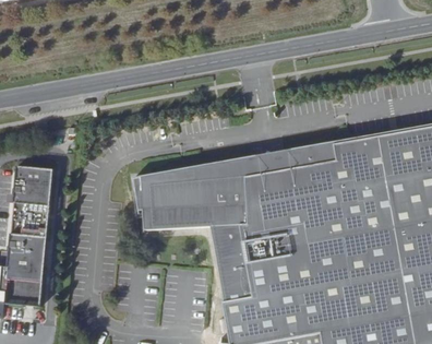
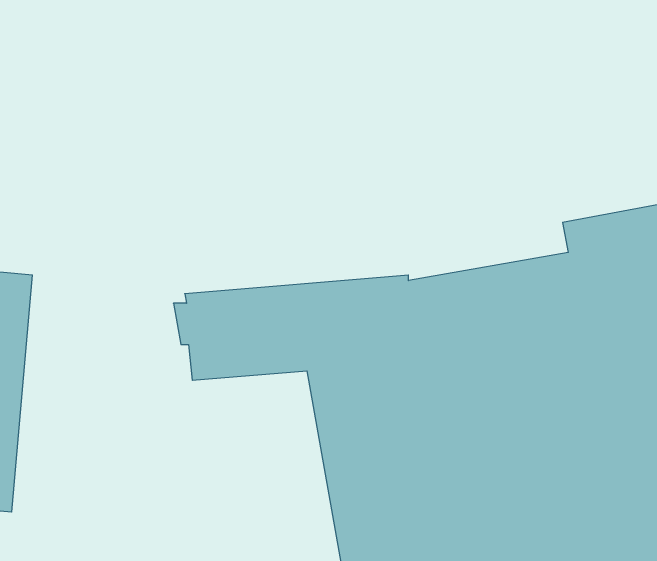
building: [132,137,362,186] -> none

